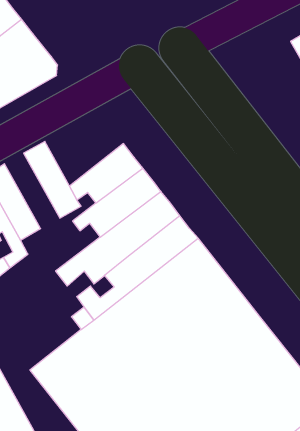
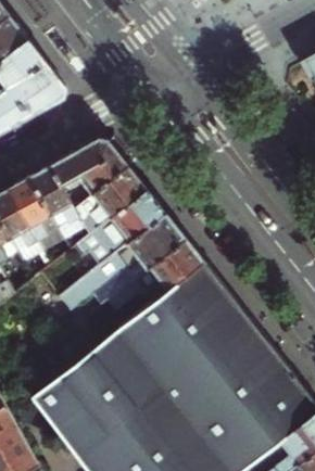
building: none -> [49,138,129,211]
building: none -> [8,177,64,254]

